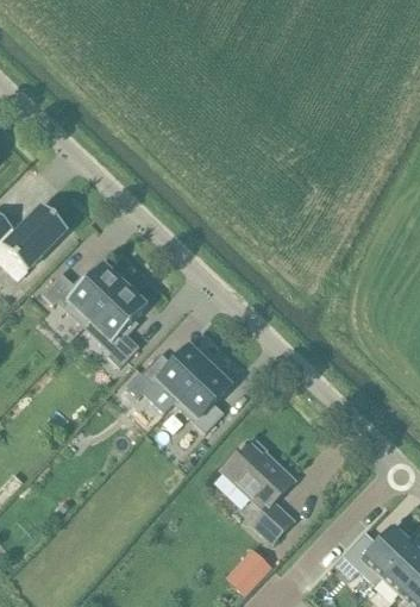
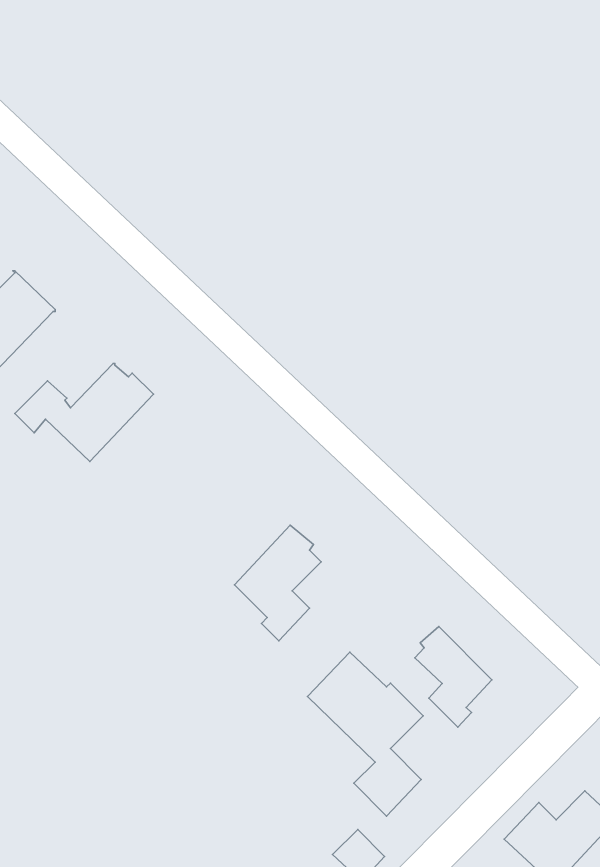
building: [88,282,148,368] -> none
building: [126,345,212,400] -> none
building: none -> [415,627,492,727]

